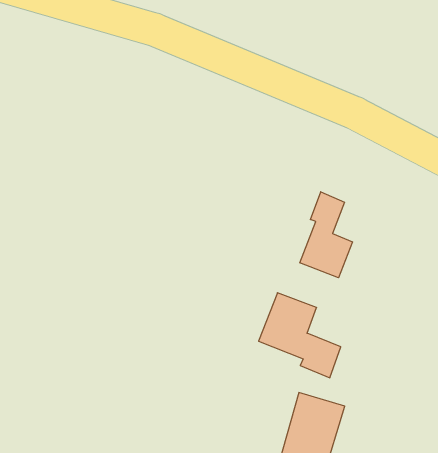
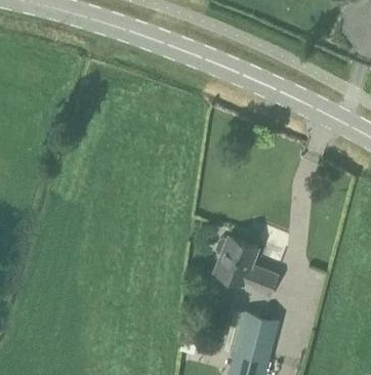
building: [300,192,353,278] -> none

